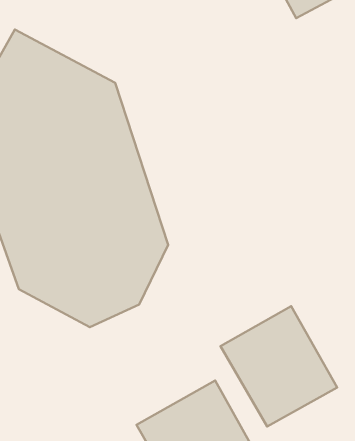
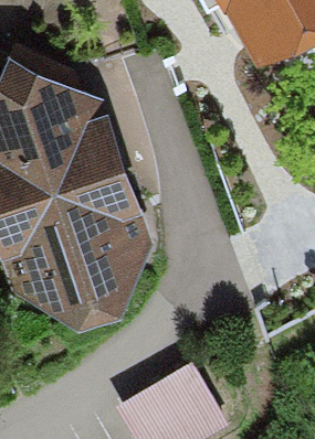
building: [221,306,337,426] -> none

